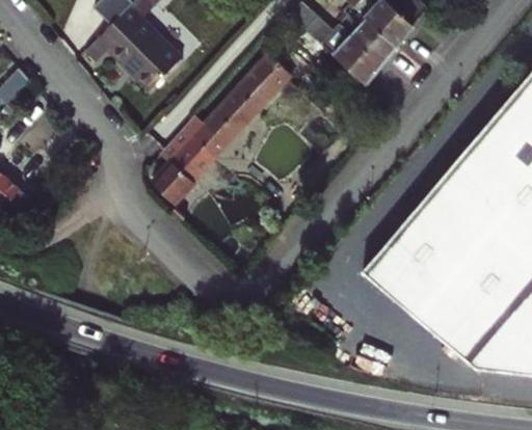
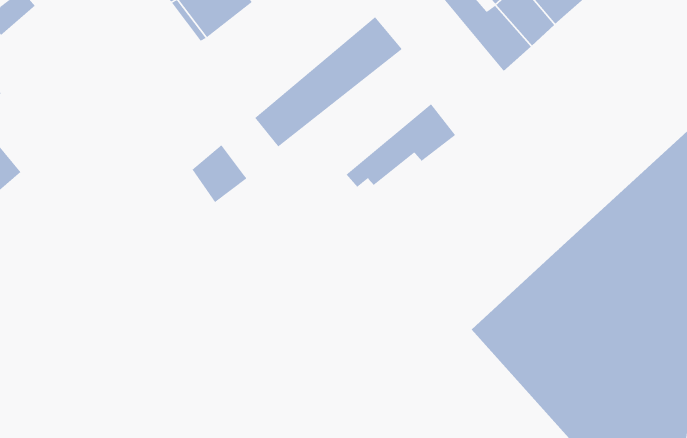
building: none -> [346,103,456,188]
building: [171,140,212,182] -> none

